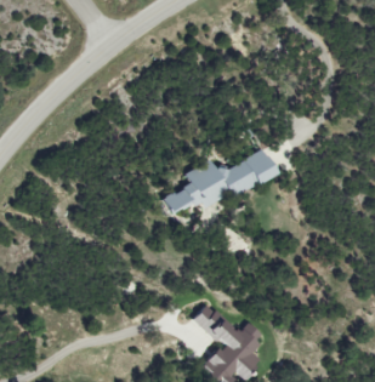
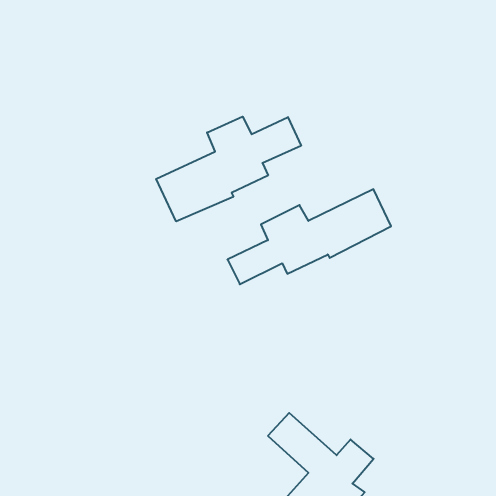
building: none -> [156,117,301,221]

